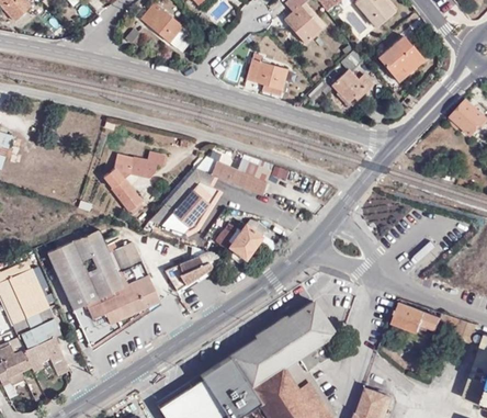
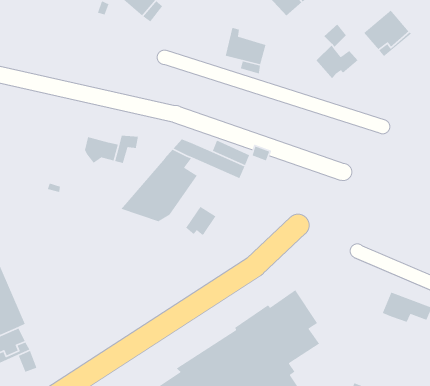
building: [101,168,141,214] -> none
building: [227,224,261,260] -> none
building: [45,229,157,347] -> none
building: [161,253,212,291] -> none

